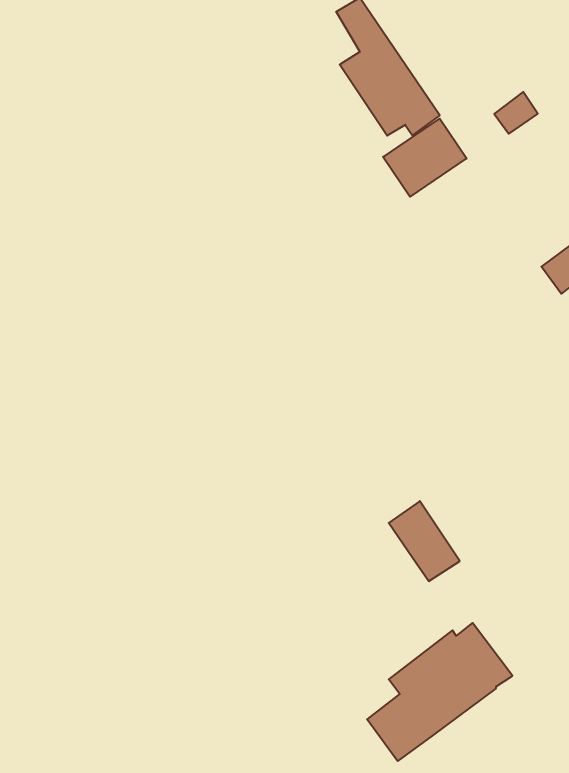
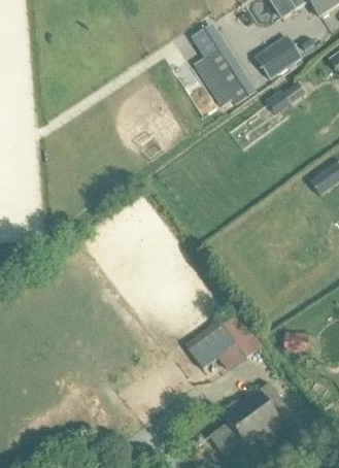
building: [383,119,467,197] -> [255,34,302,78]
building: none -> [188,325,235,367]

